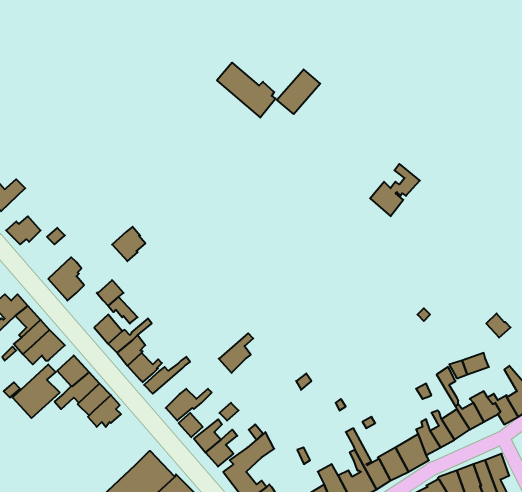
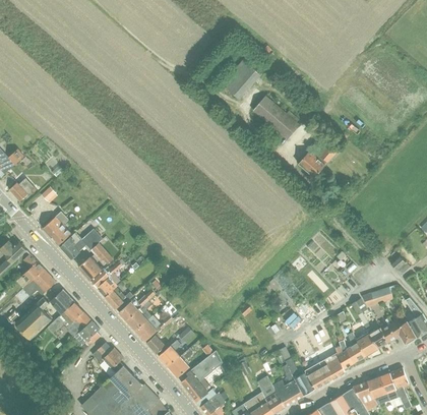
building: [217,63,276,118] -> [252,97,299,140]
building: [112,227,145,261] -> [59,233,85,260]
building: [219,333,253,373] -> [125,300,152,332]
building: none -> [92,344,123,377]

